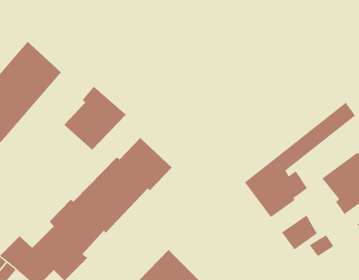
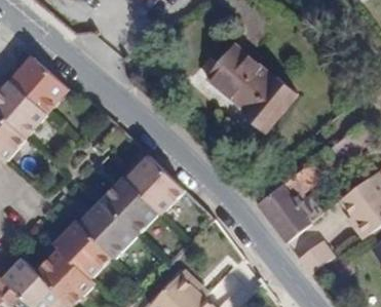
building: none -> [206,43,300,133]
building: [63,86,127,150] -> none

